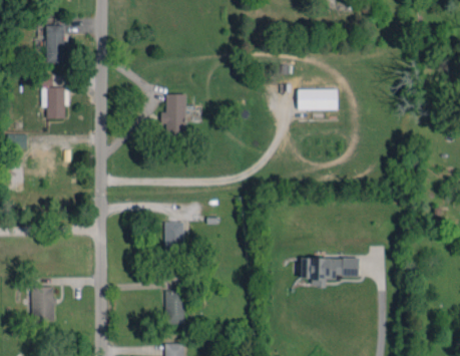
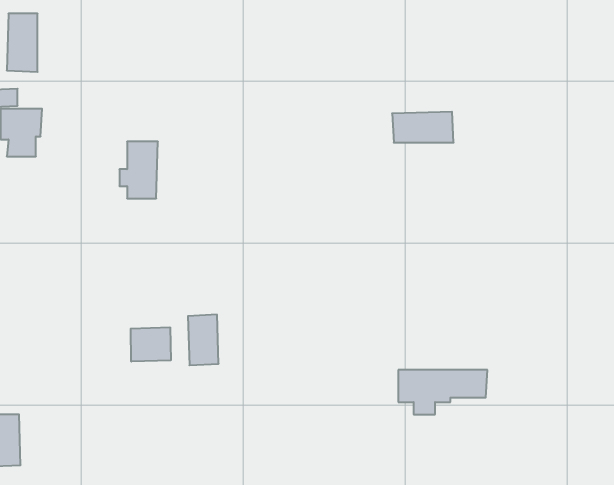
building: [161,94,186,131] -> [119,142,158,198]
building: none -> [131,327,171,362]
building: [165,291,184,324] -> none

